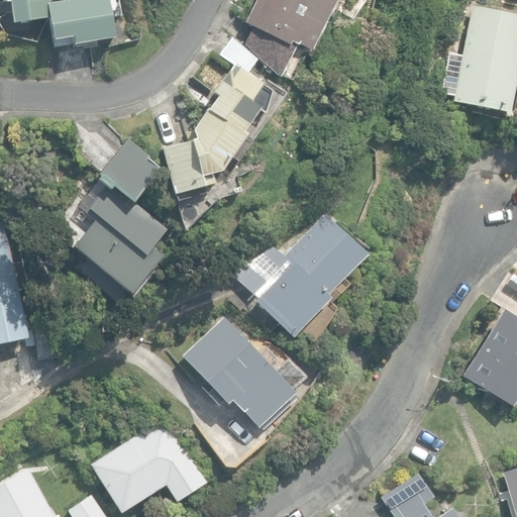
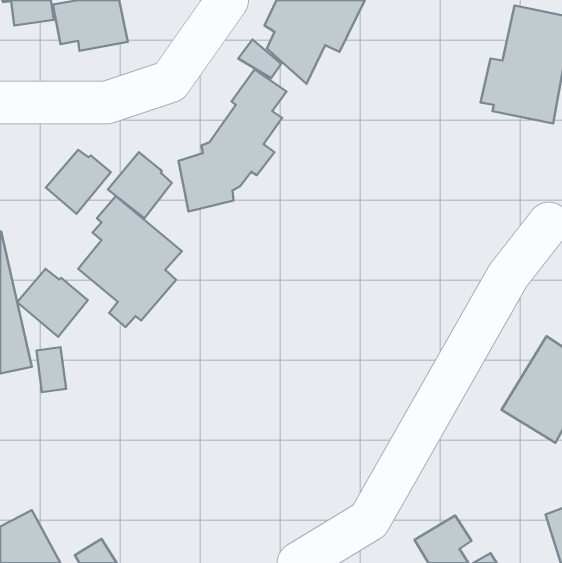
building: none -> [46,150,111,214]
building: [233,214,367,338] -> none
building: none -> [17,269,88,337]
building: [181,316,307,428] -> none
building: [91,416,208,512] -> none

